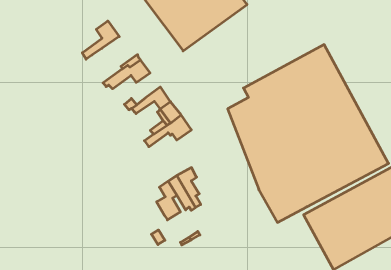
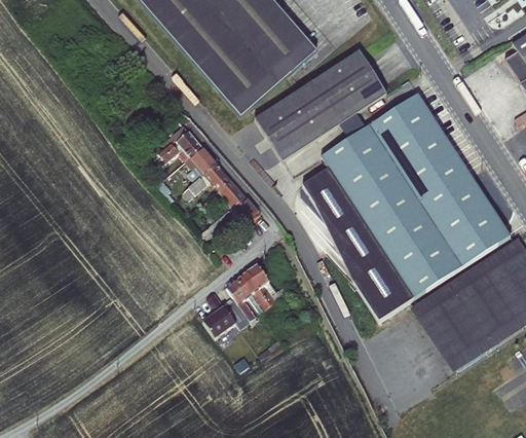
building: none -> [255,49,387,159]
building: [82,21,119,59] -> none
building: none -> [186,145,218,177]
building: none -> [203,291,236,337]

